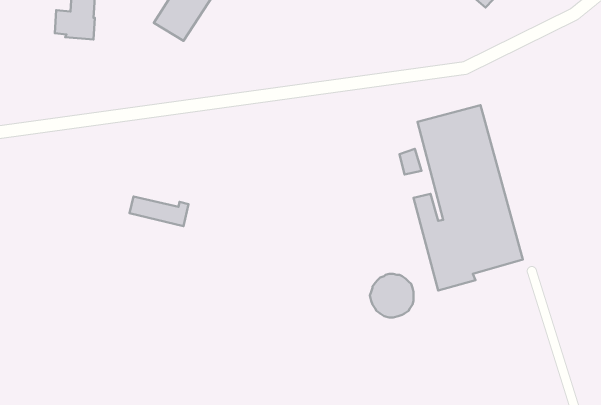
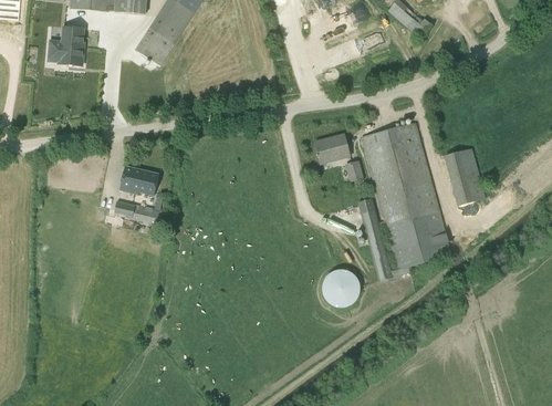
building: none -> [314,134,350,163]
building: none -> [444,146,486,204]
building: none -> [119,166,158,195]

